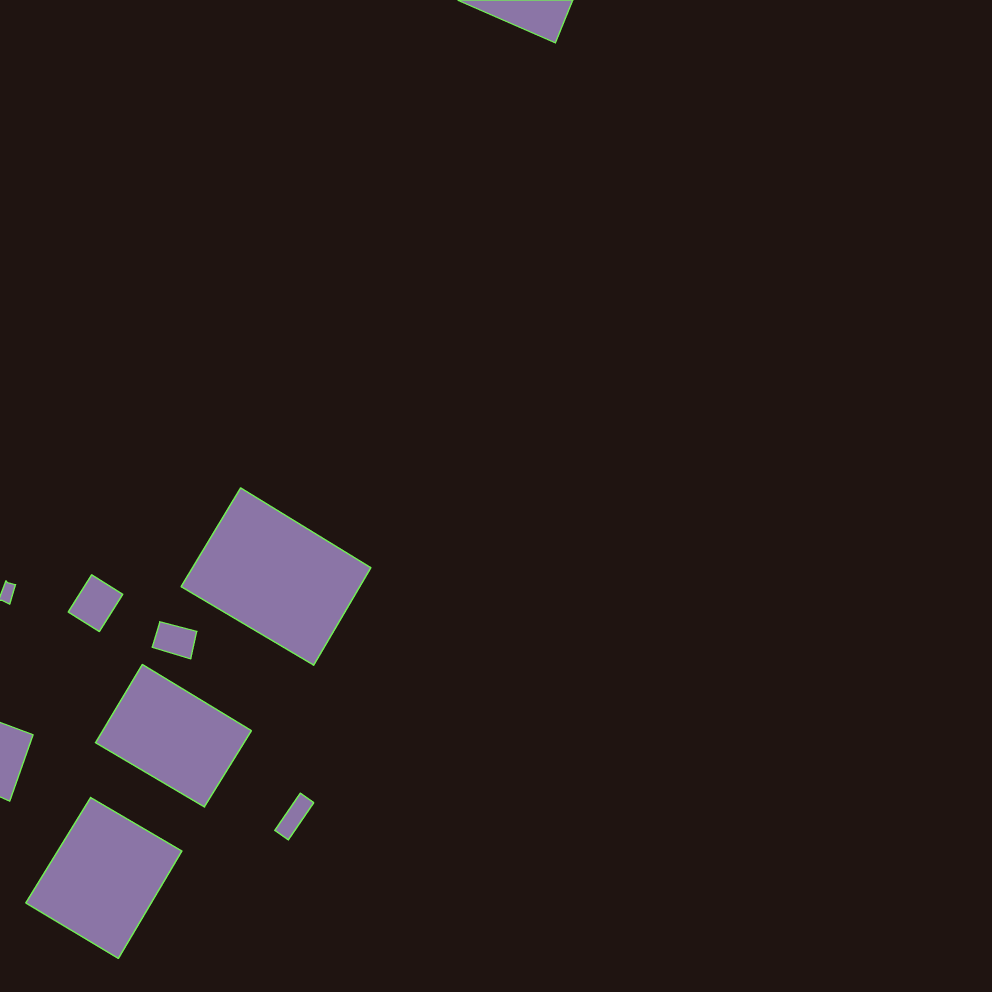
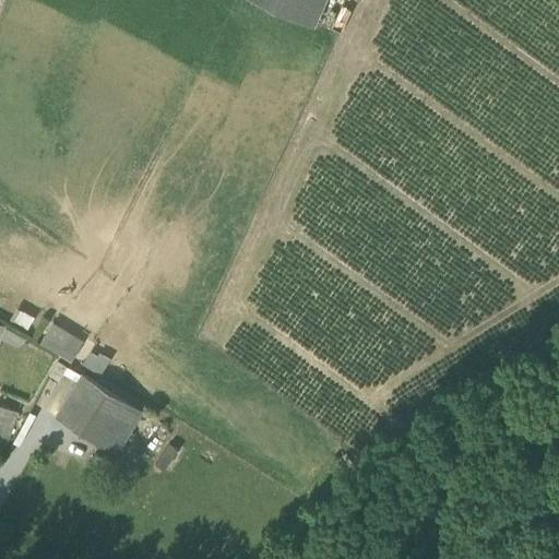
building: [181,488,371,665] -> none
building: [26,797,182,958] -> none

